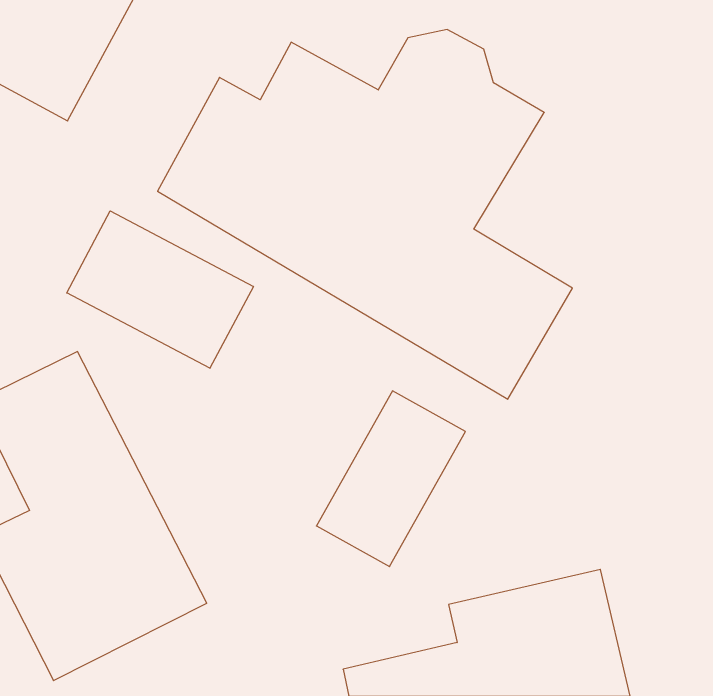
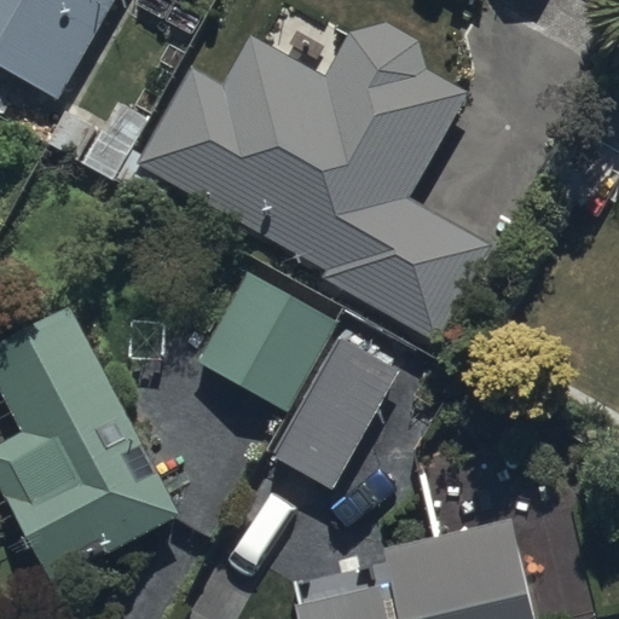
building: [67,211,253,368] -> none
building: none -> [193,260,336,409]

